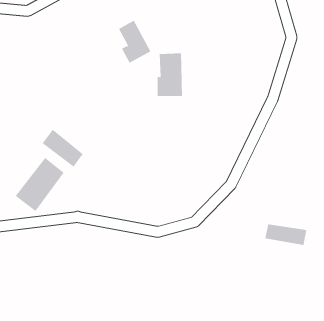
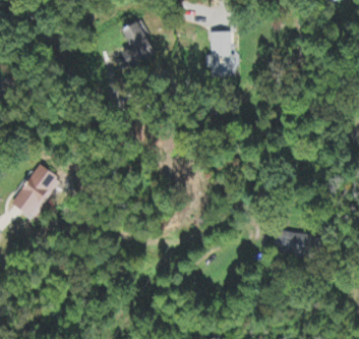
building: [157,53,183,96] -> [206,31,233,75]
building: [42,129,84,168] -> none

